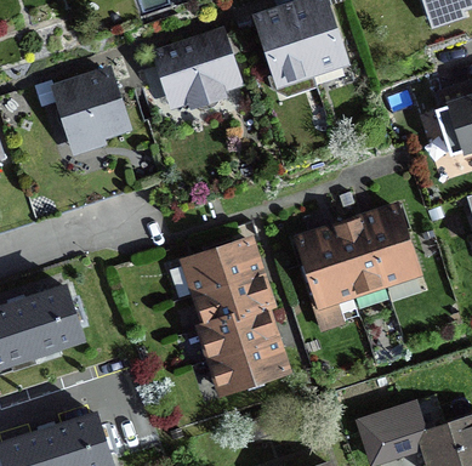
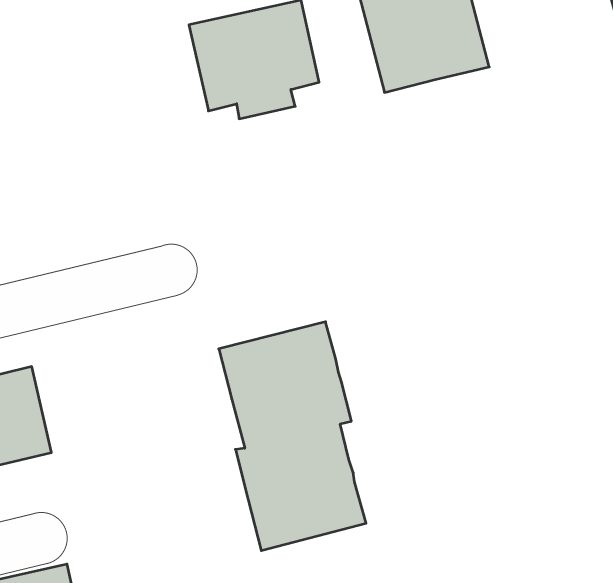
building: [59,73,127,150] -> none
building: [298,208,421,309] -> none

